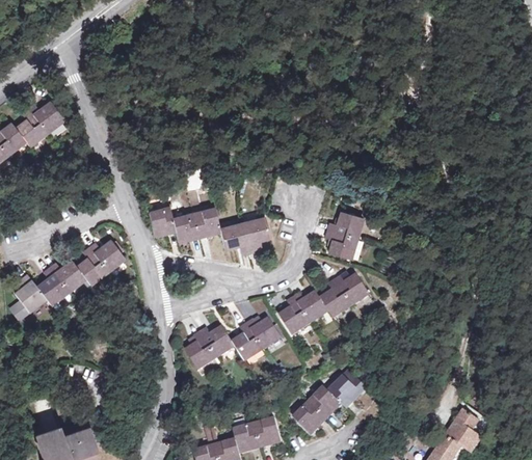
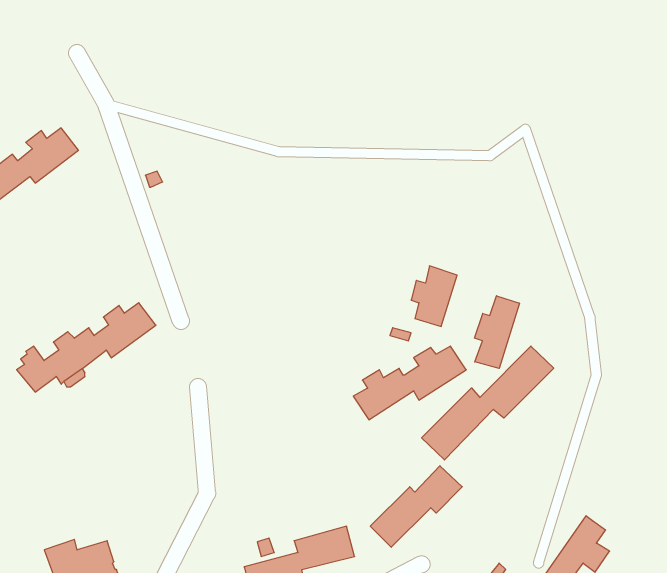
building: [148,208,268,255] -> none
building: none -> [474,296,519,368]
building: none -> [422,346,554,460]
building: [186,318,281,369] -> none

